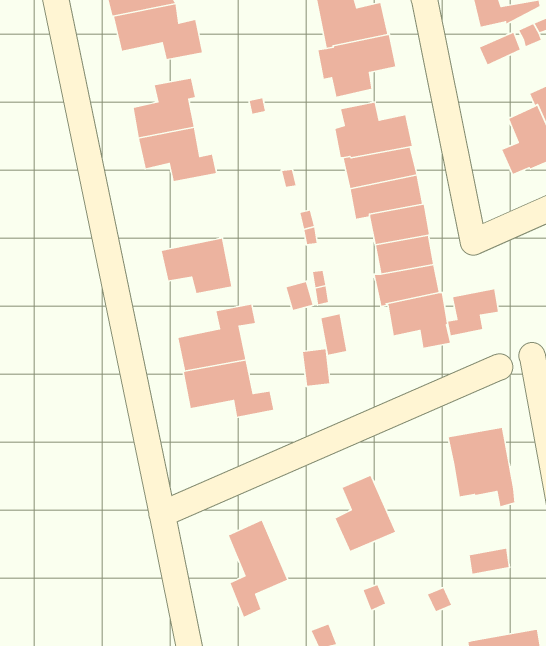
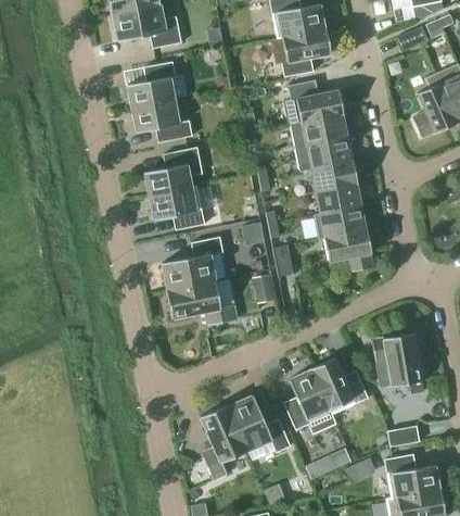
building: none -> [144,148,202,196]
building: [447,288,499,336] -> none
building: none -> [310,357,368,414]
building: none -> [228,394,290,452]
building: none -> [384,454,439,498]

